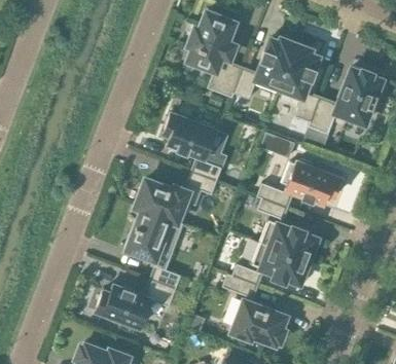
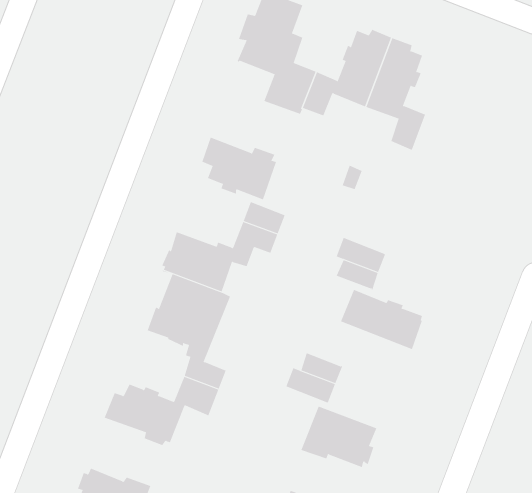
building: [308,67,382,135] -> none
building: [282,158,341,203] -> none
building: [252,242,311,283] -> none

